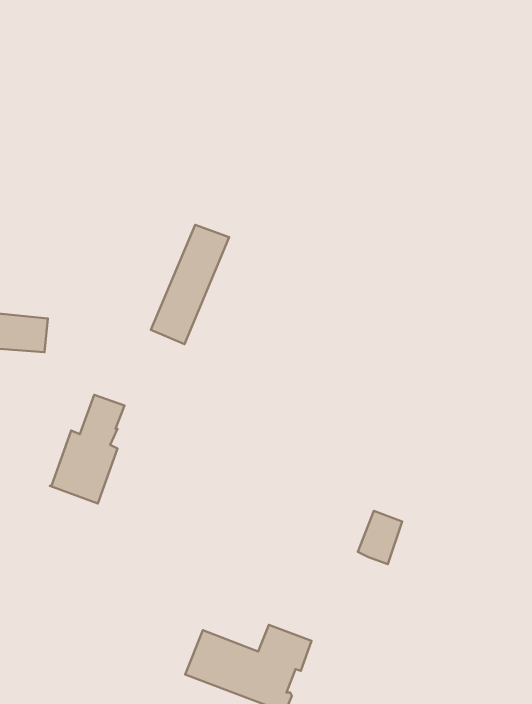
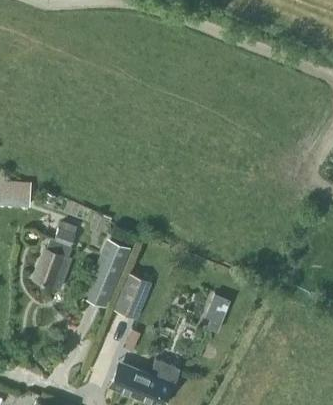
building: [151,225,229,344] -> [85,241,129,308]
building: none -> [112,273,152,321]

